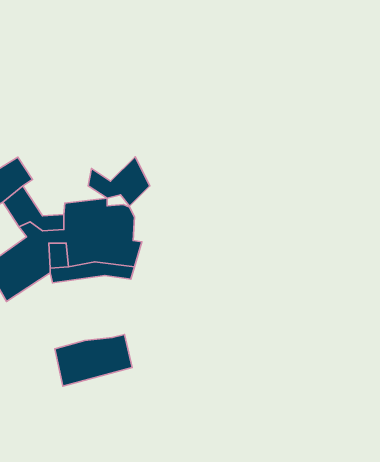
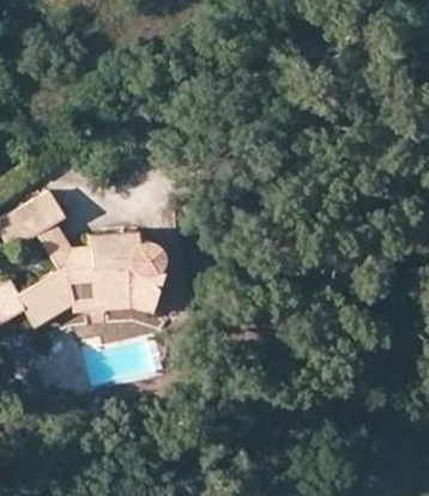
building: [88,157,150,206] -> none
building: [55,334,132,386] -> none

